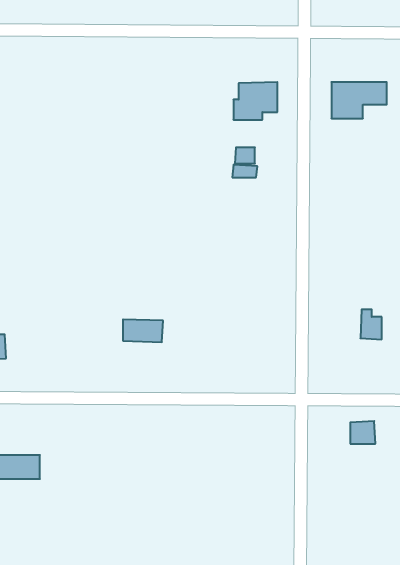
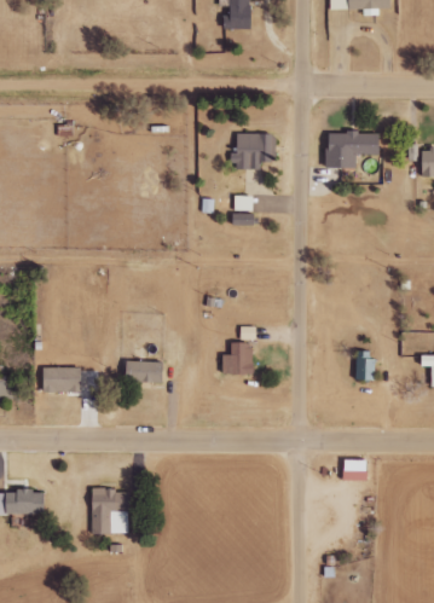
building: none -> [221,342,251,375]
building: none -> [41,367,81,393]
building: none -> [89,489,128,534]

